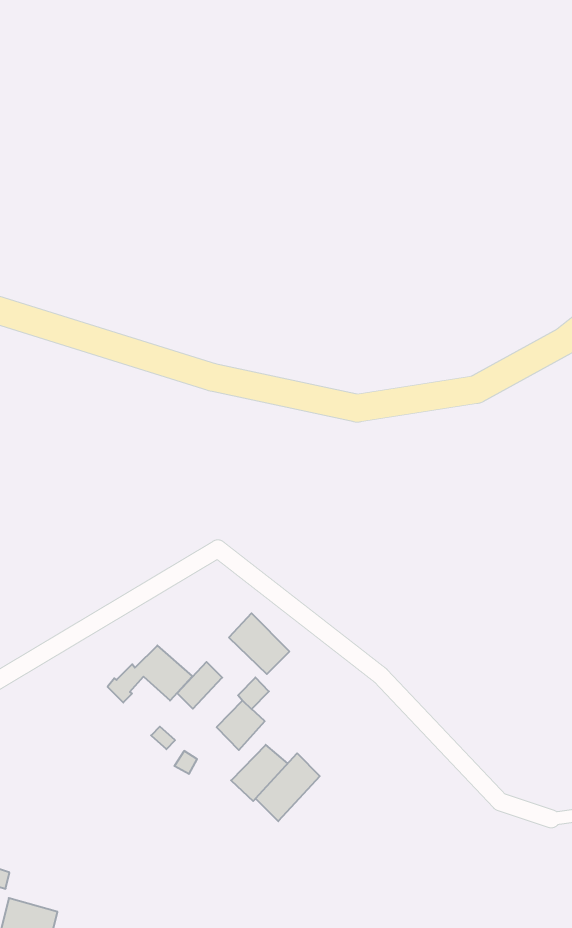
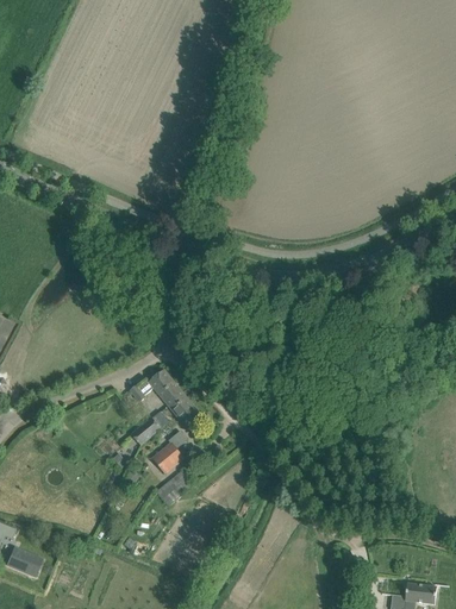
building: [108,645,193,703] -> [130,370,182,404]
building: [256,753,320,821] -> none

